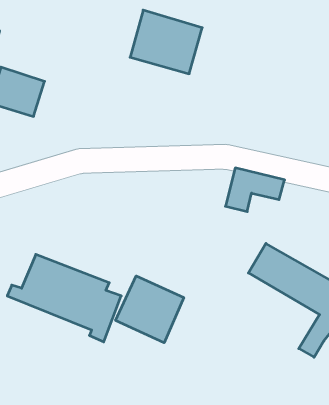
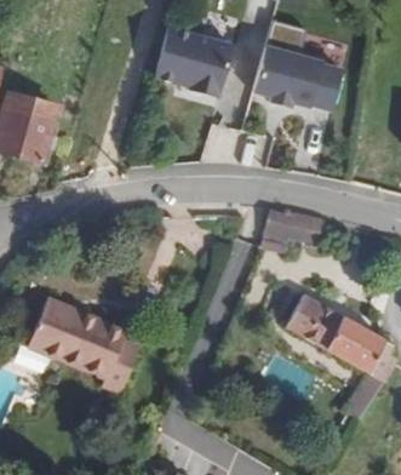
building: none -> [250,46,345,119]
building: [116,276,184,343] -> none

